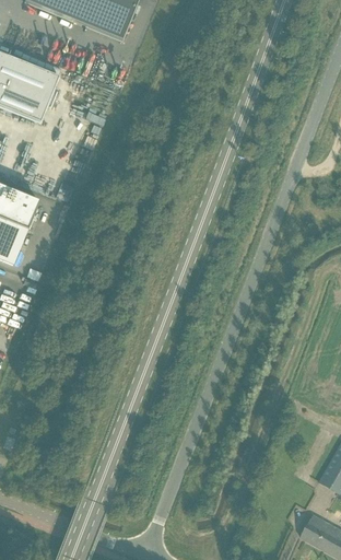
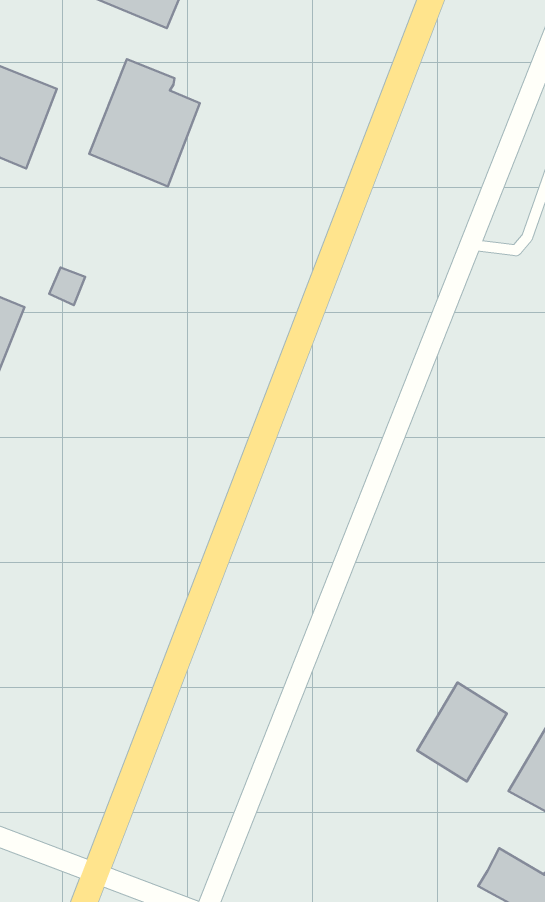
building: none -> [89,59,200,187]
building: none -> [417,683,507,782]

